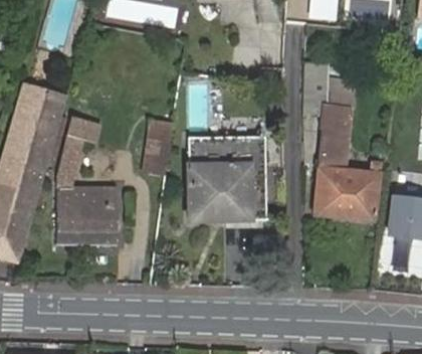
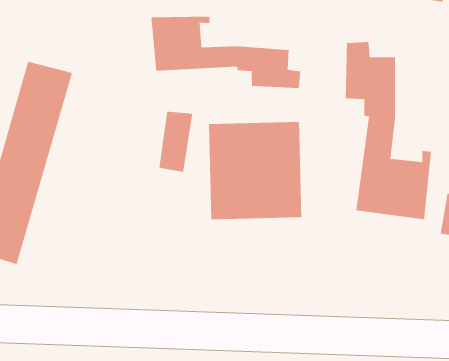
building: none -> [151,16,301,89]
building: [55,114,118,241] -> none

